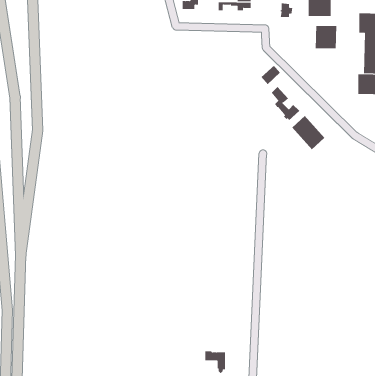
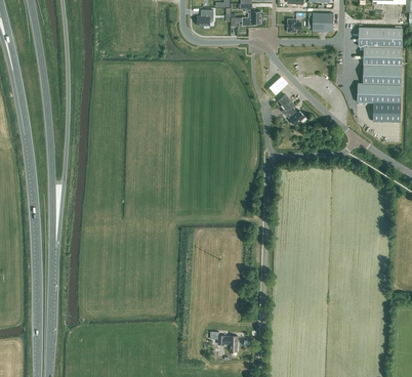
building: [315,25,337,49] -> none
building: [291,115,325,150] -> none

